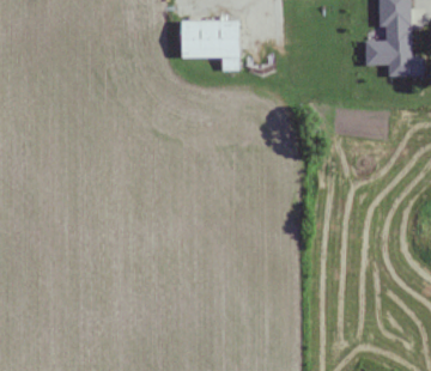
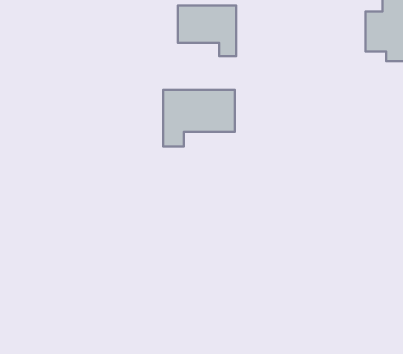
building: none -> [163,90,235,147]

